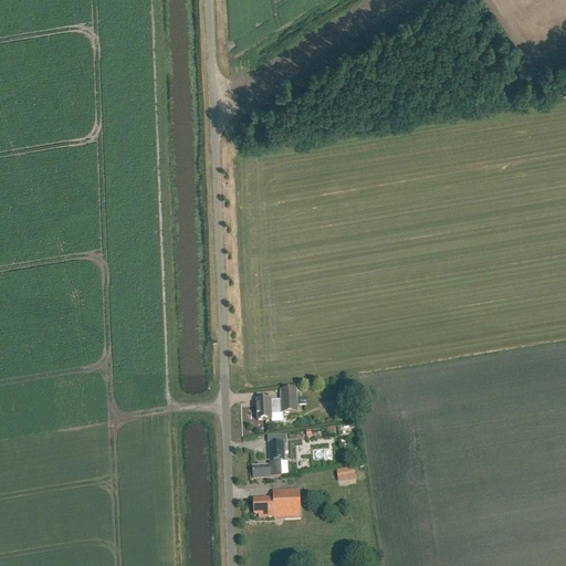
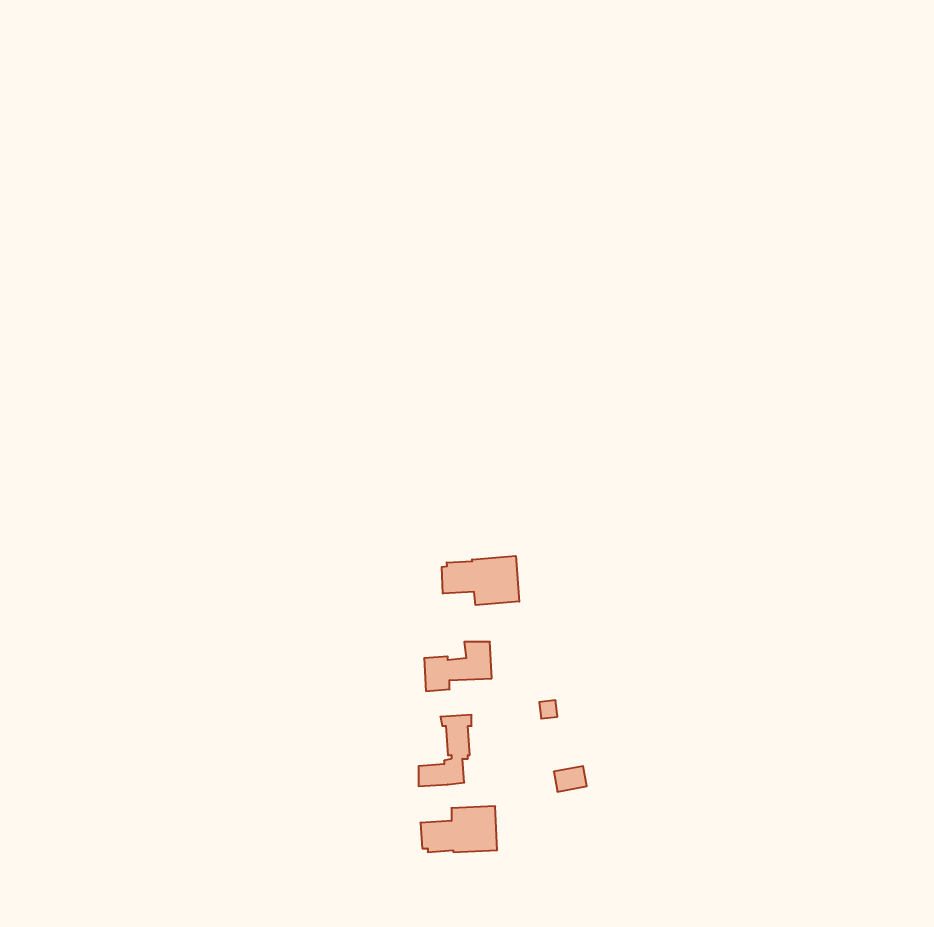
building: none -> [442,556,519,605]

